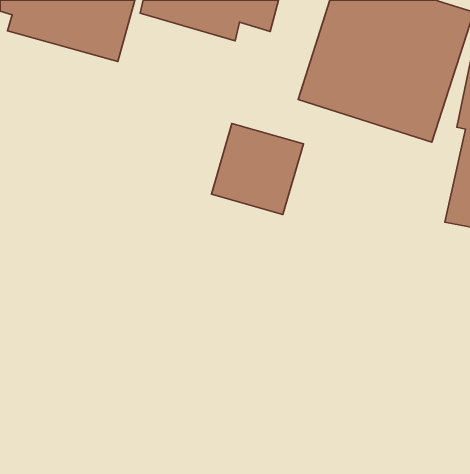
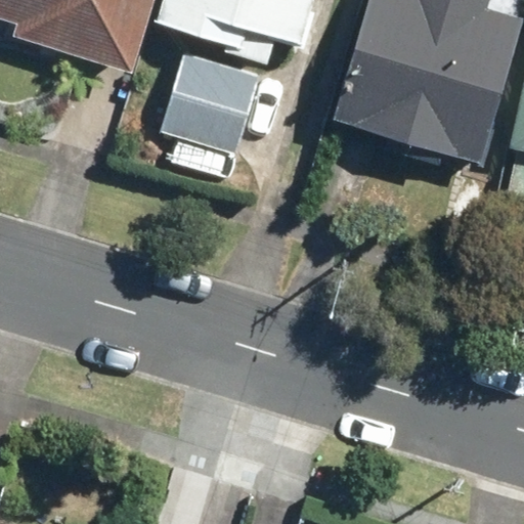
building: [211,123,303,215] -> [162,51,263,151]

